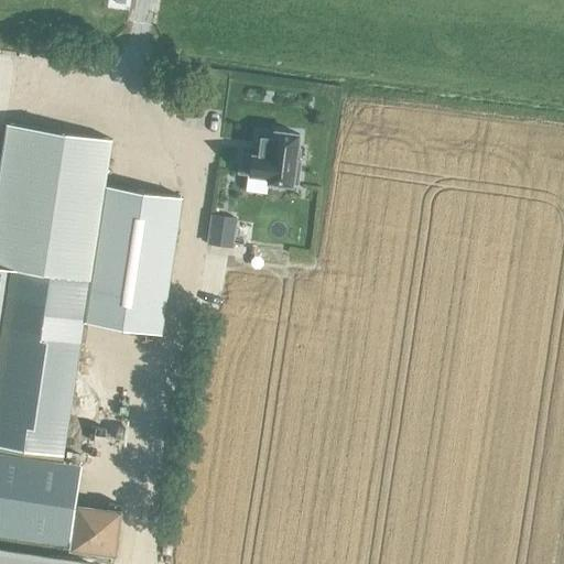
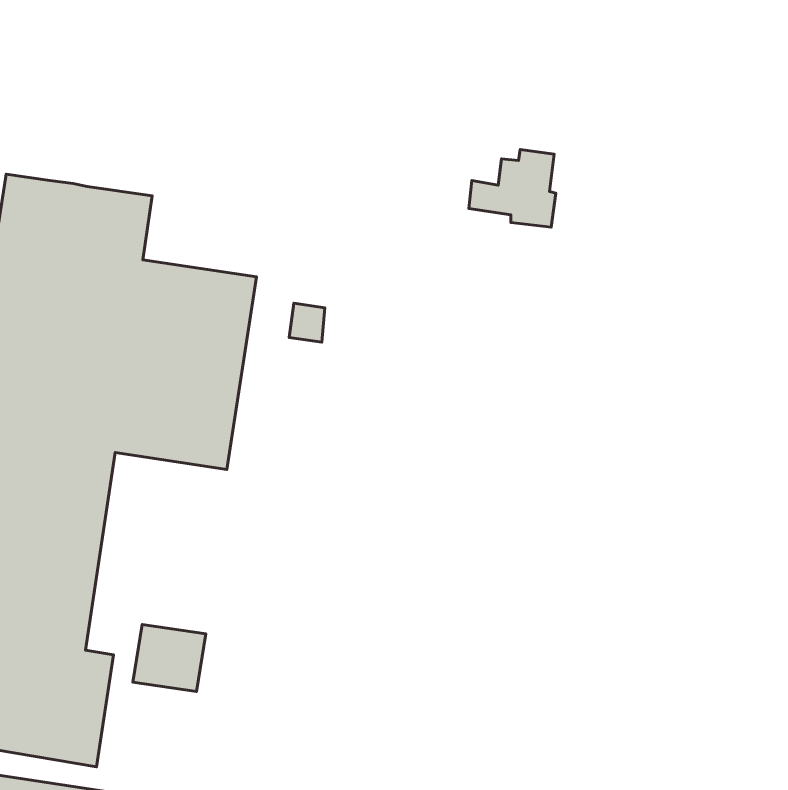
building: [237,133,299,188] -> [469,150,556,227]
building: [68,508,120,555] -> [133,625,206,691]

